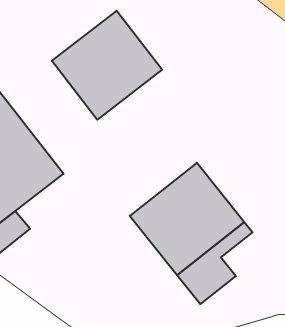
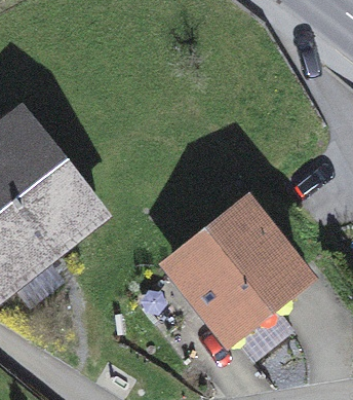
building: [52,11,162,120] -> none

